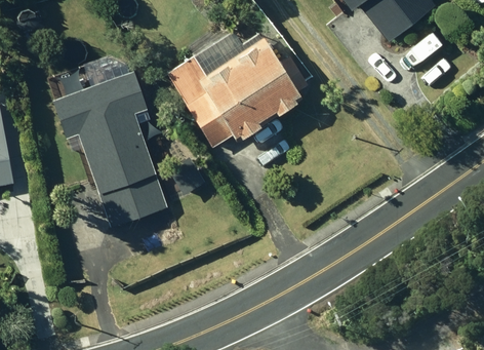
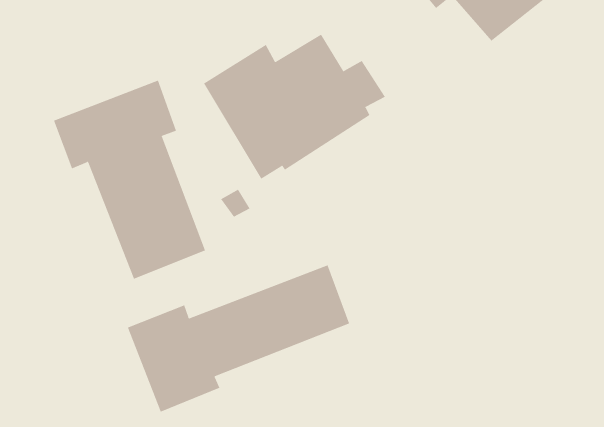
building: none -> [127,265,350,413]

